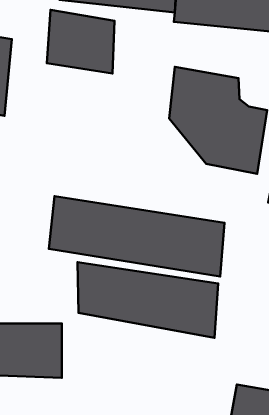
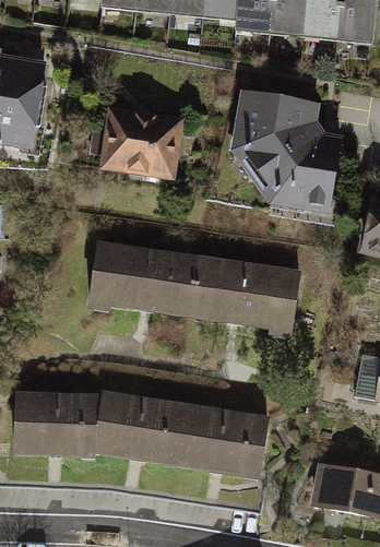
building: [47,10,114,73] -> [100,102,180,177]
building: [78,262,218,338] -> [105,391,271,480]

